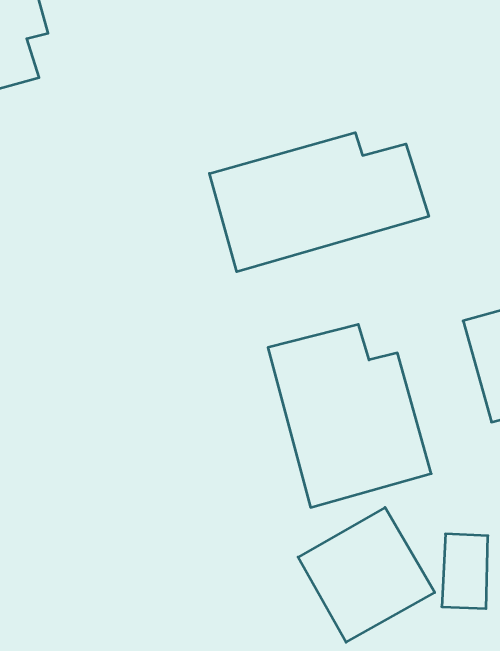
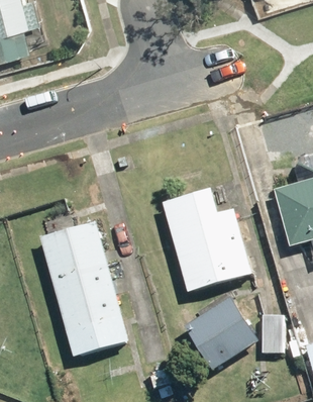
building: [209,133,429,272] -> none
building: none -> [38,222,131,359]

